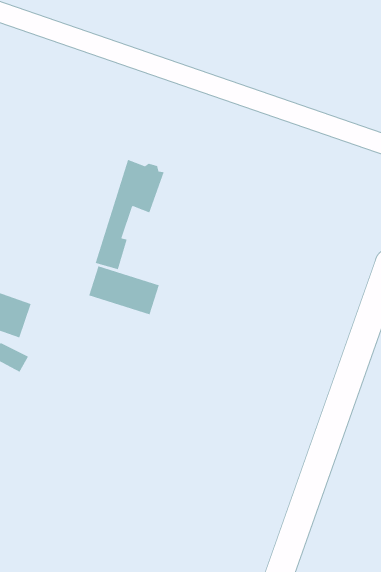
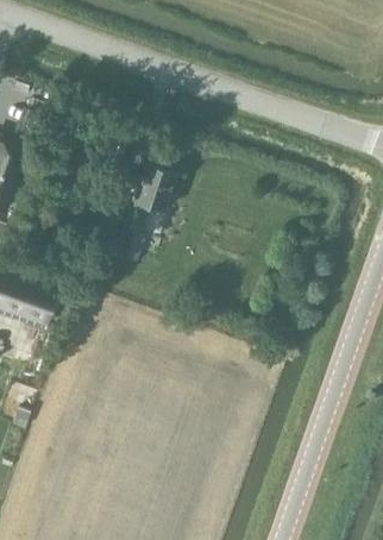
building: [89,266,159,315] -> none

